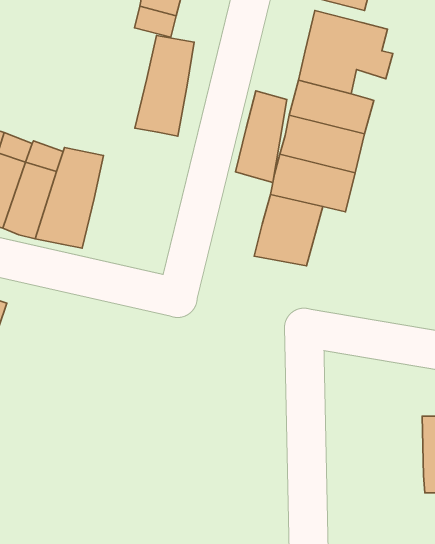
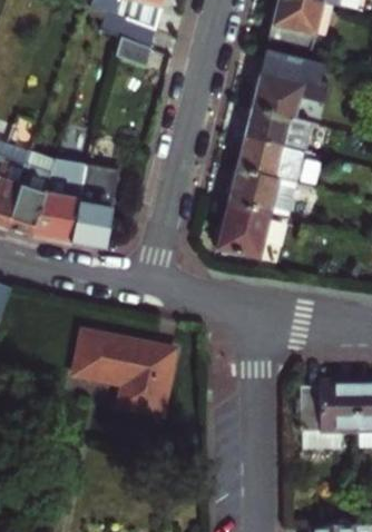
building: [135,35,194,136] -> [74,166,123,249]
building: [236,91,287,183] -> none
building: none -> [76,327,178,413]
building: none -> [303,381,356,432]

